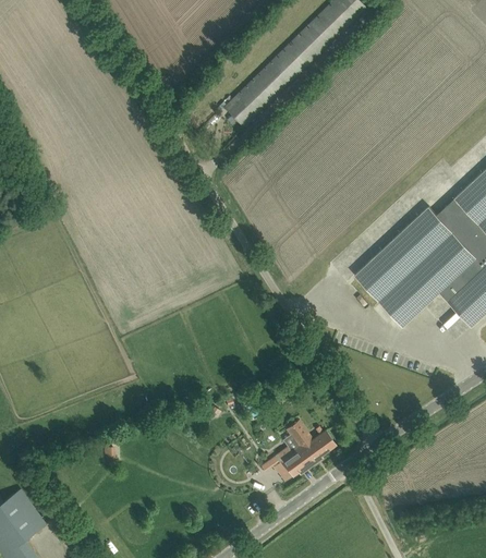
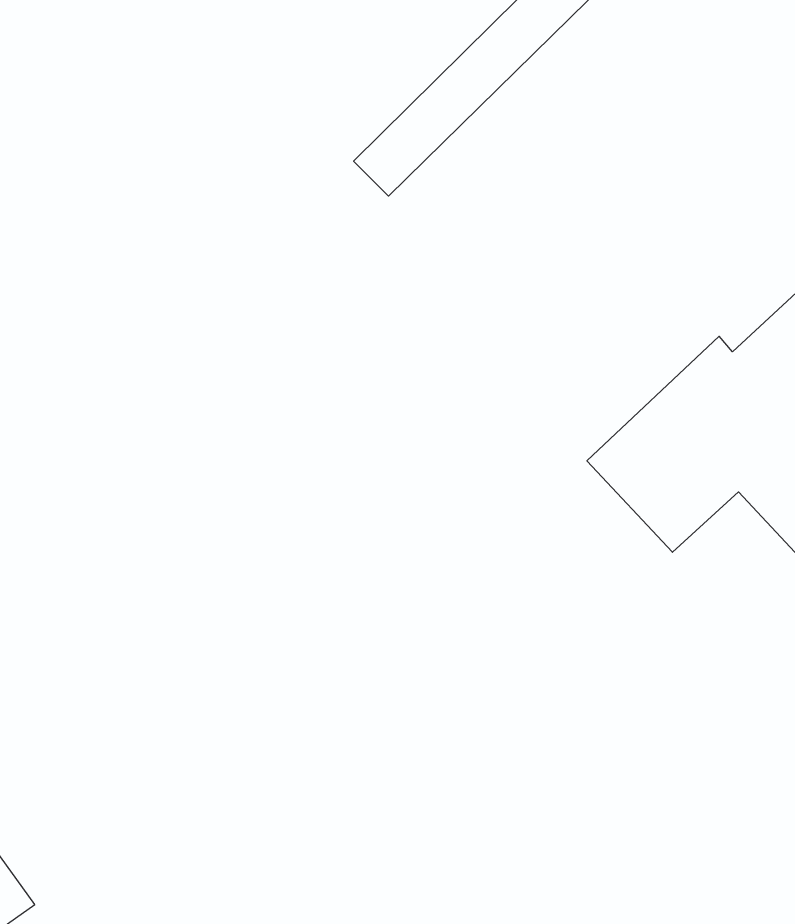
building: [276,421,333,477] -> none

